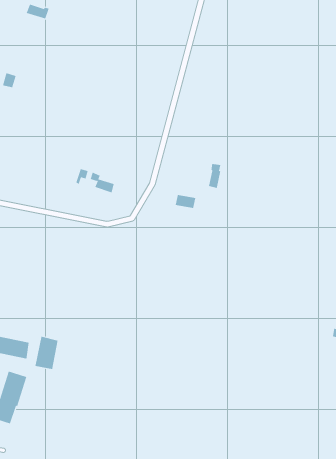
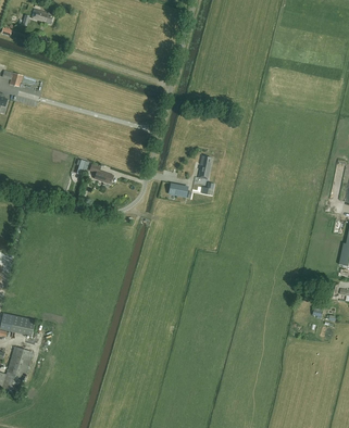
building: [35,336,58,370] -> none

